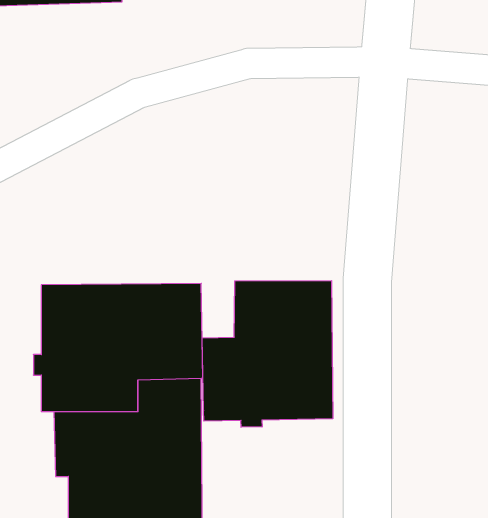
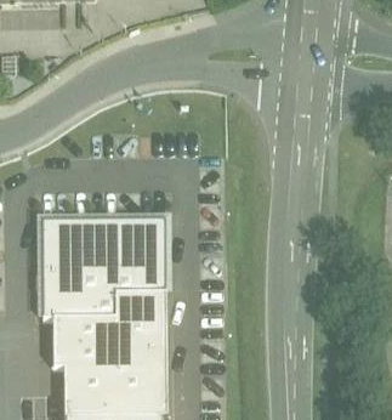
building: [202,281,333,427] -> none

